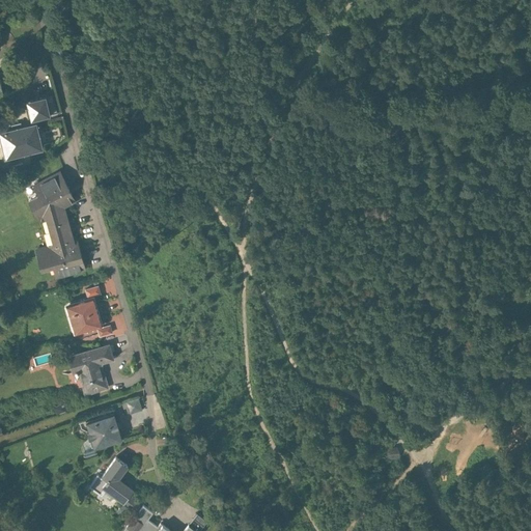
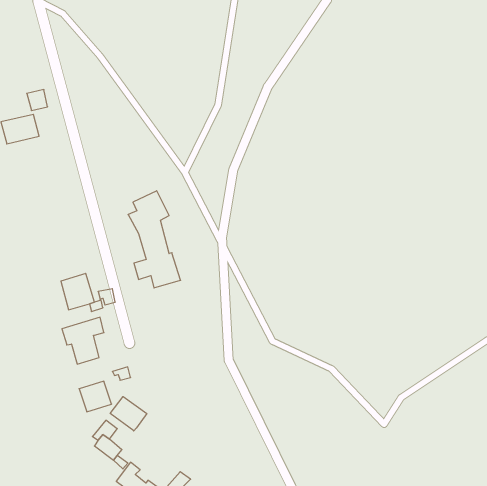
building: [29,174,86,280] -> [128,191,181,288]
building: none -> [110,397,147,431]

